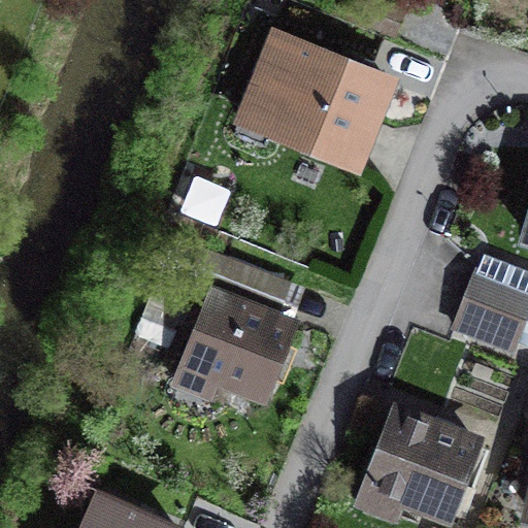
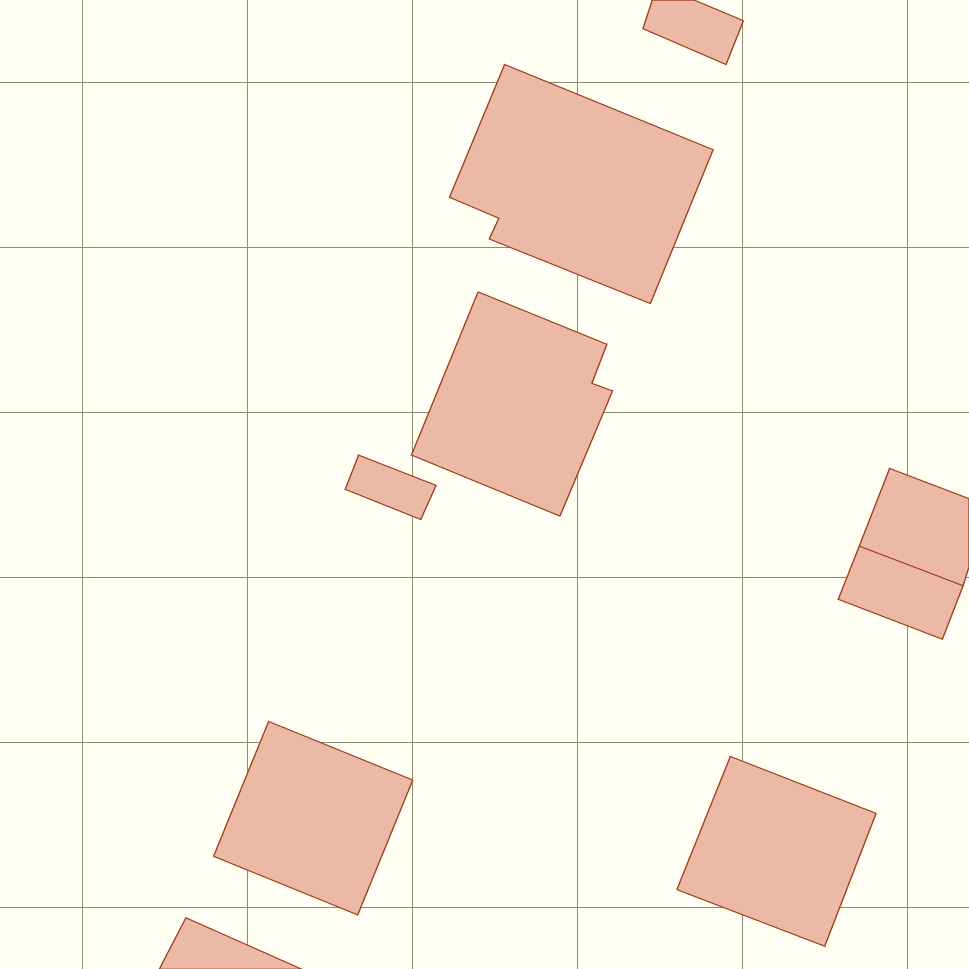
building: none -> [411,292,612,516]
building: [183,292,291,397] -> [214,721,413,915]

